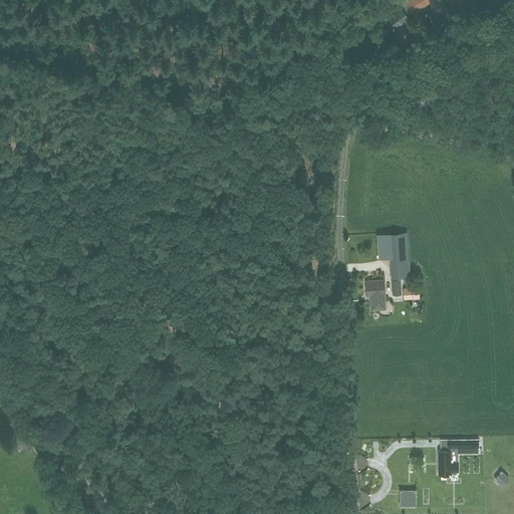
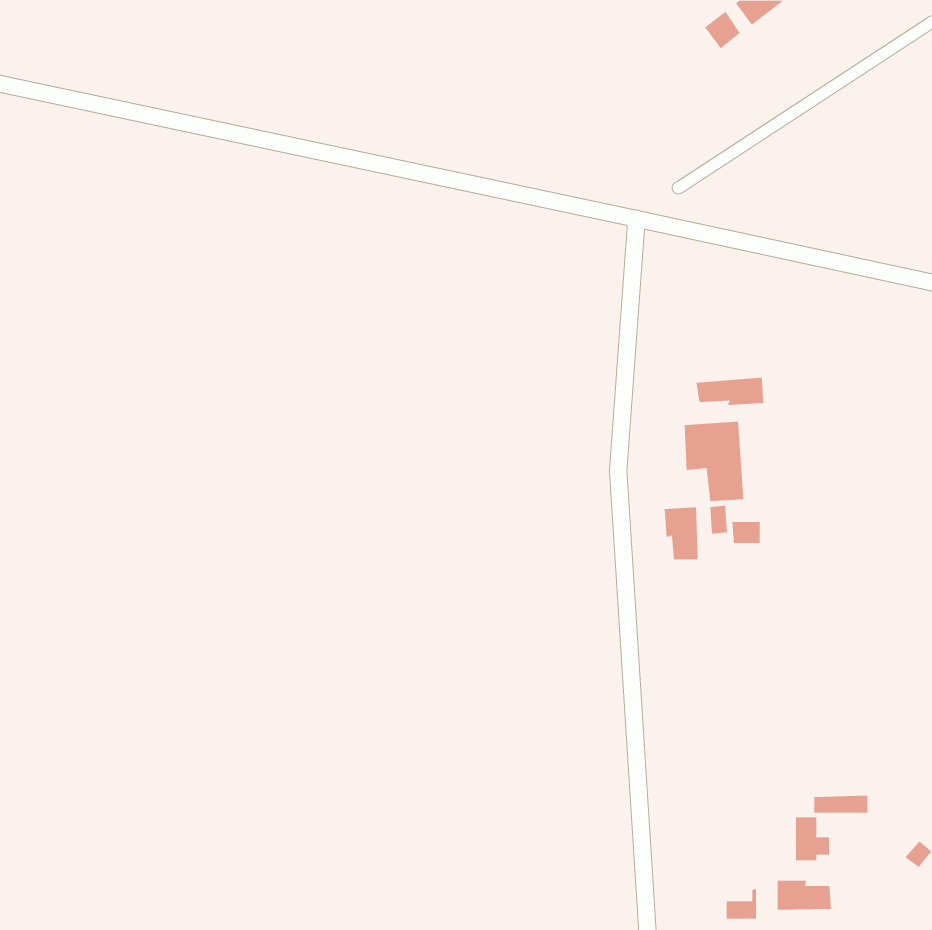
building: none -> [696,377,764,406]
building: none -> [777,880,831,911]

